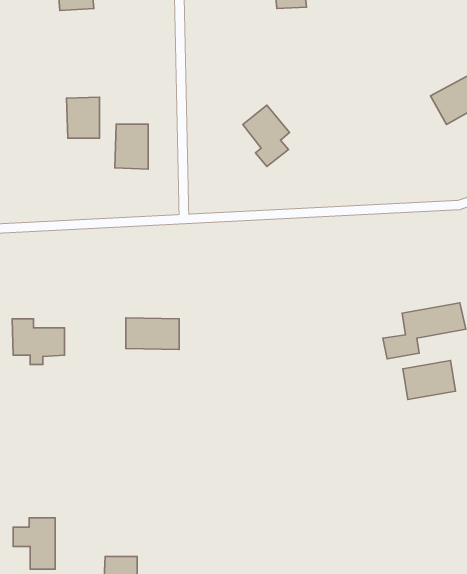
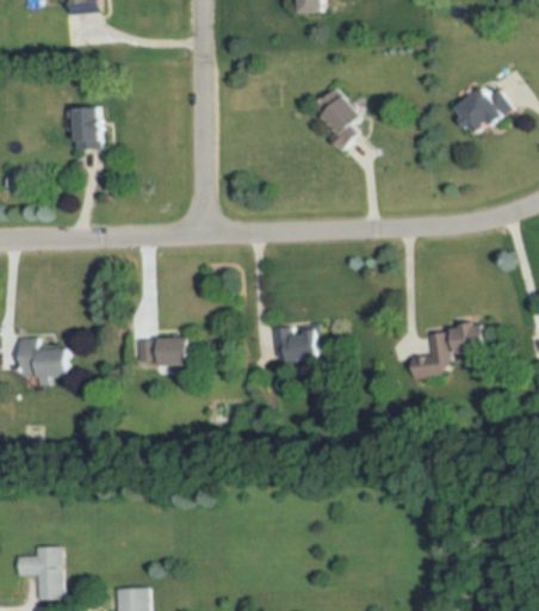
building: [243,105,289,166] -> [316,87,365,152]
building: [115,124,148,169] -> none
building: none -> [271,325,320,360]
building: [403,360,455,400] -> none

